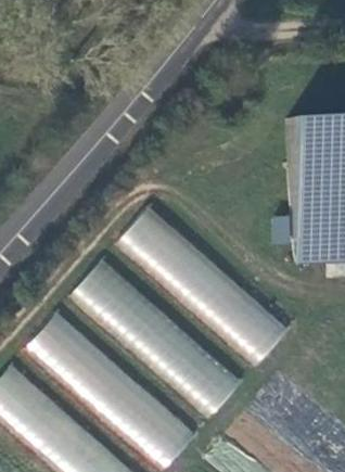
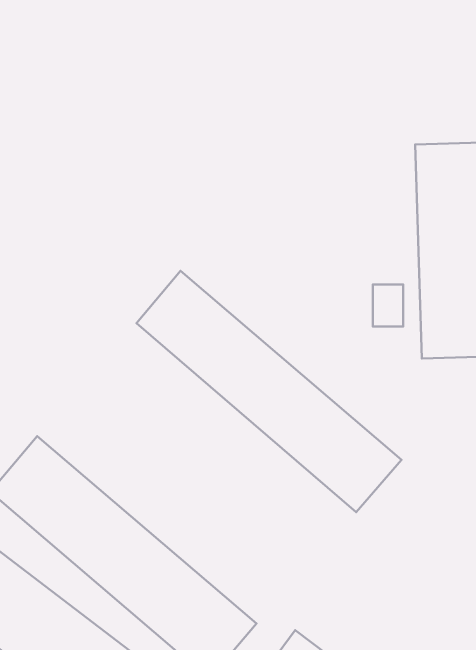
building: [71,257,242,412] -> none

